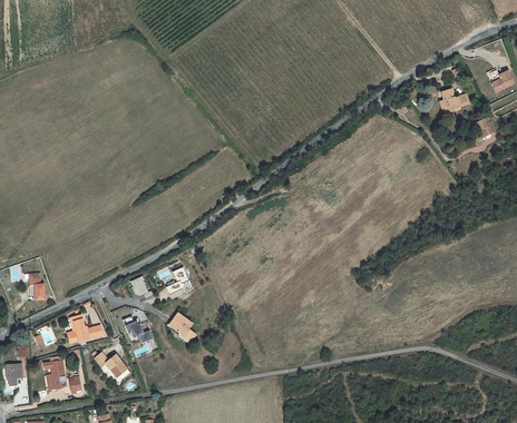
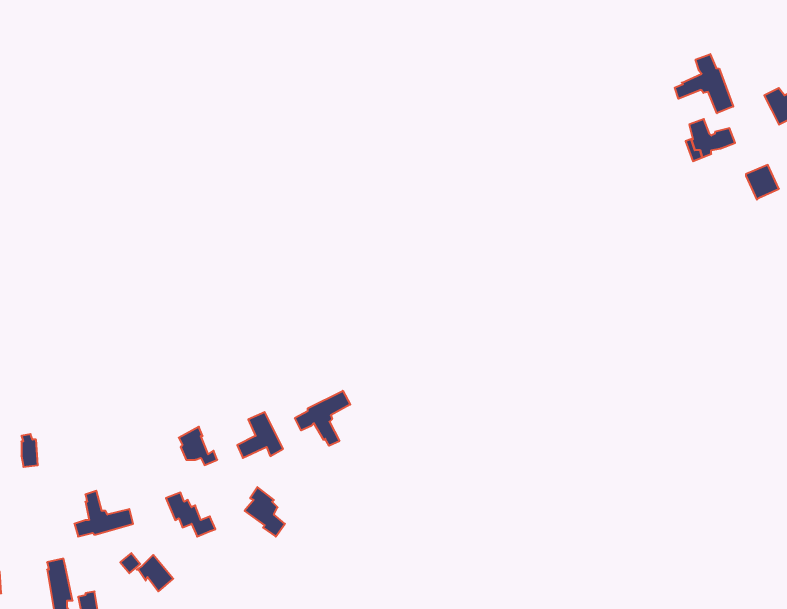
building: none -> [675,54,733,113]
building: none -> [295,391,350,446]

